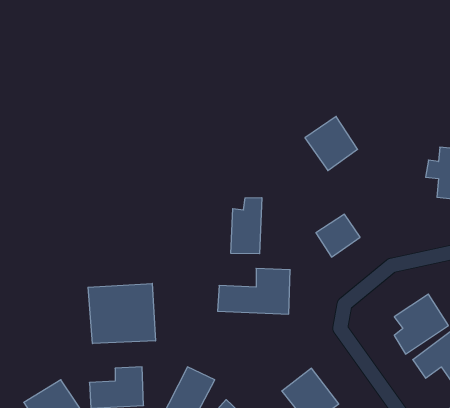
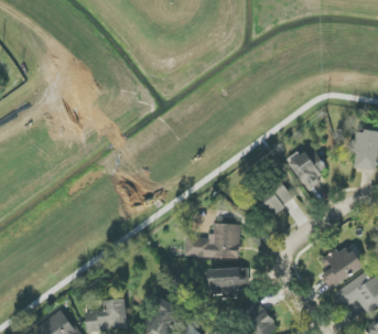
building: [305,116,358,171] -> [288,146,328,187]
building: [231,198,262,254] -> none
building: [88,283,155,344] -> none
building: none -> [210,268,247,297]

